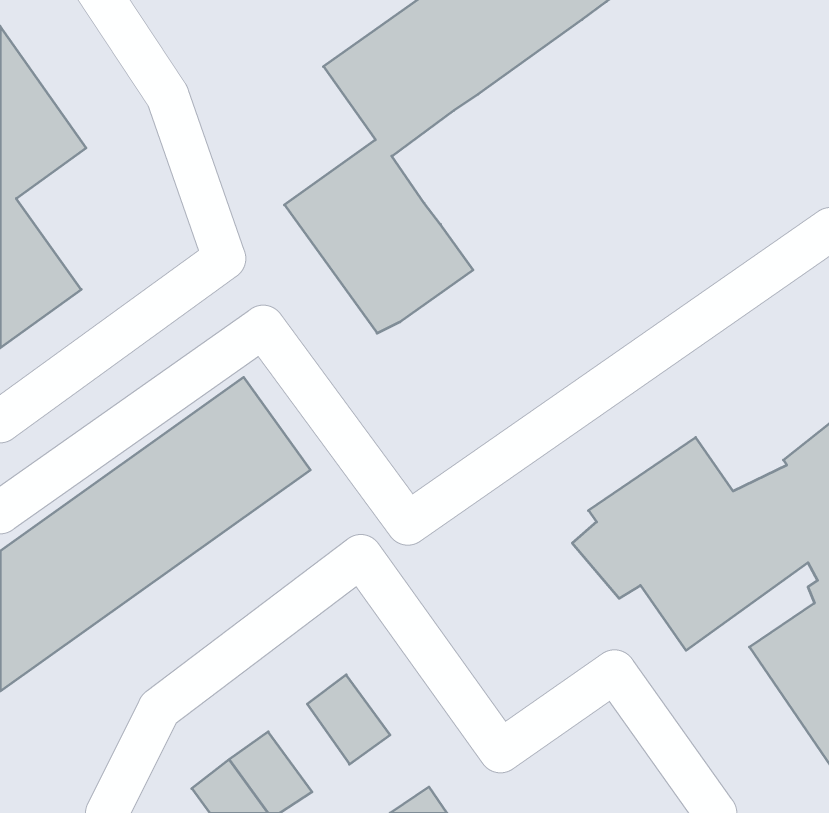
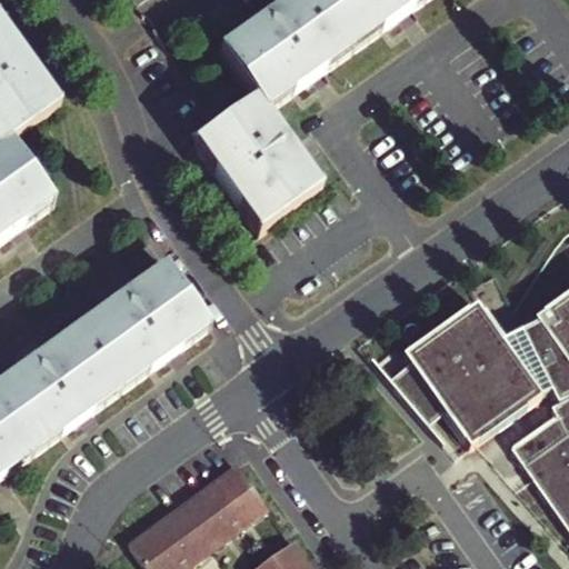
building: none -> [184,481,240,541]

